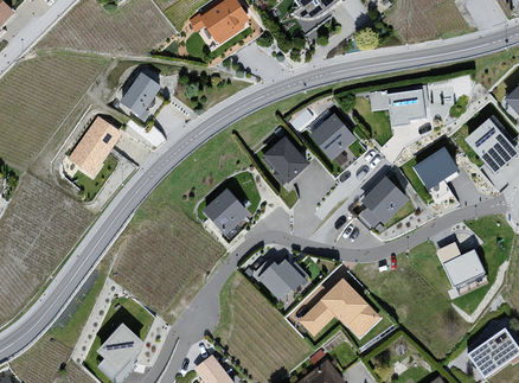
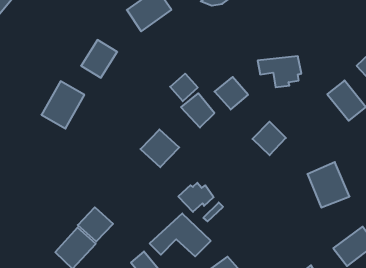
building: none -> [170,74,198,101]
building: [410,146,456,193] -> none
building: [297,281,382,340] -> [150,213,211,256]
building: none -> [78,207,113,242]

